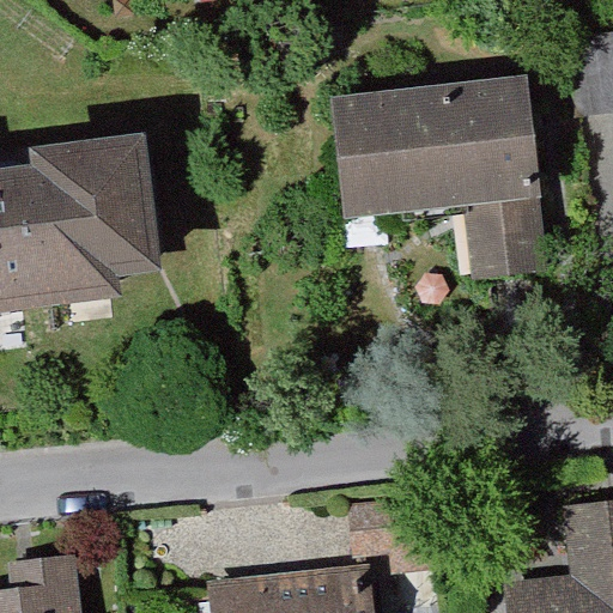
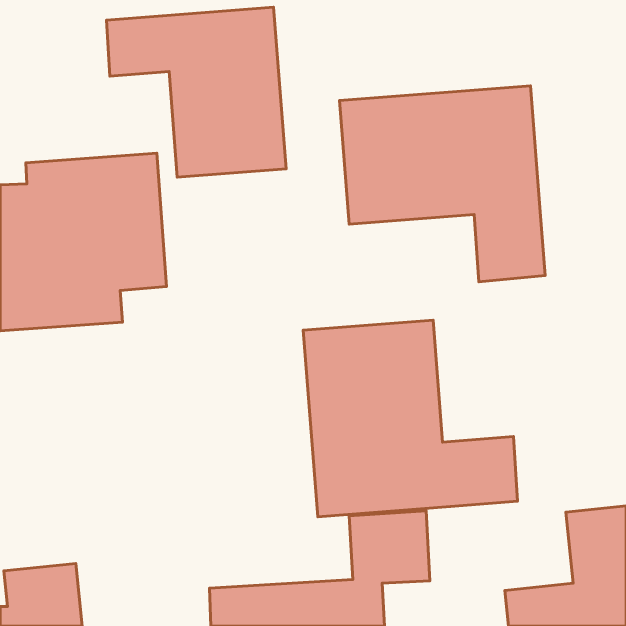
building: none -> [106,7,286,177]
building: none -> [303,320,517,517]

